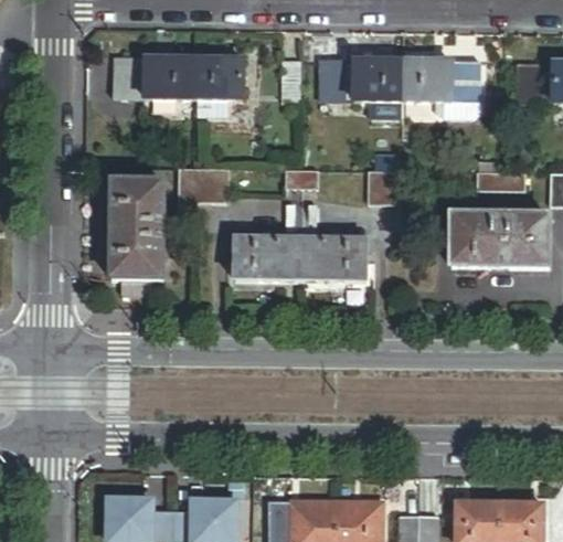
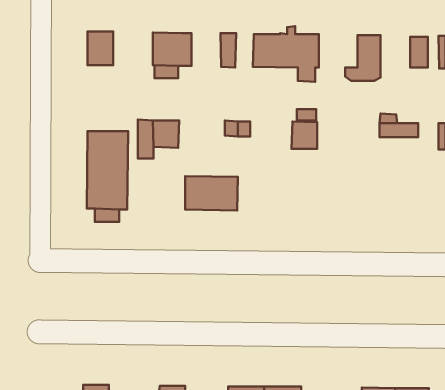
building: [144,55,193,97] -> none
building: [402,59,450,100] -> none
building: [450,213,549,266] -> none
building: [299,237,367,280] -> none

